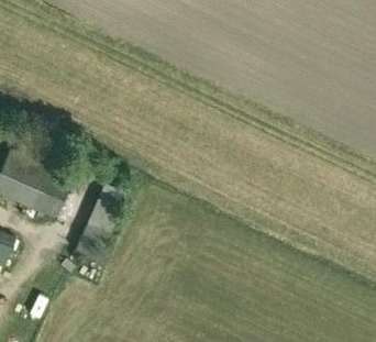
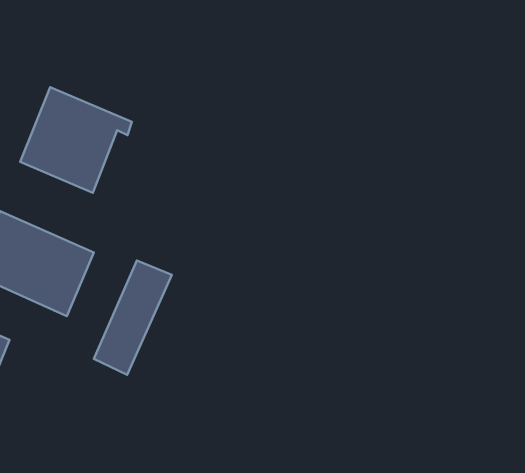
building: none -> [20,87,132,193]

